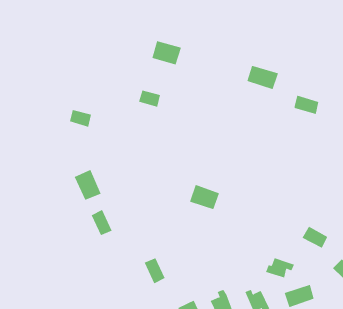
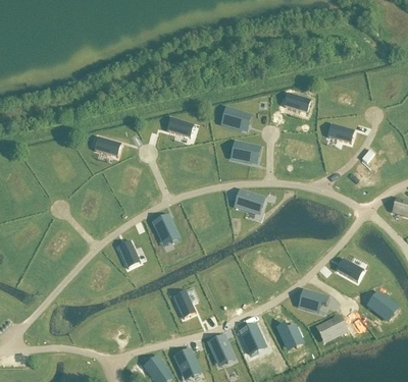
building: [151,40,182,65] -> [220,106,252,131]
building: none -> [230,139,261,164]
building: [74,169,102,201] -> [151,212,180,244]
building: [189,184,220,210] -> [234,187,265,214]

